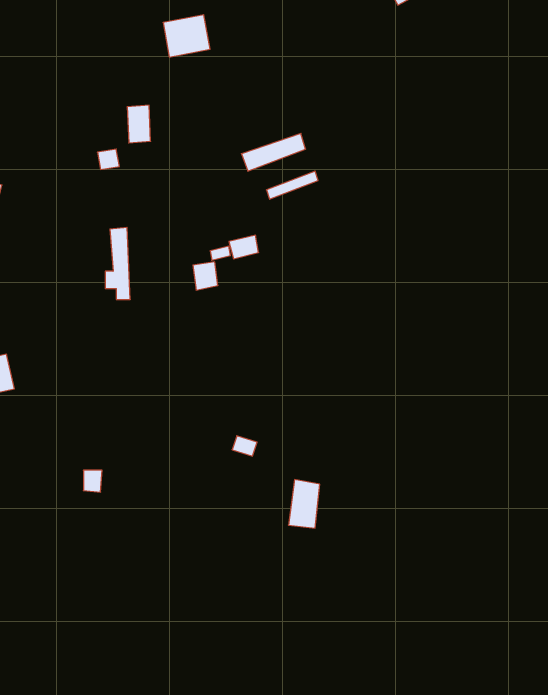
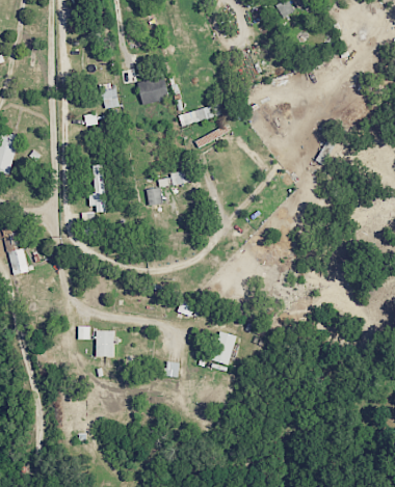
building: [163,15,210,57] -> [139,76,170,104]
building: none -> [90,330,108,356]

